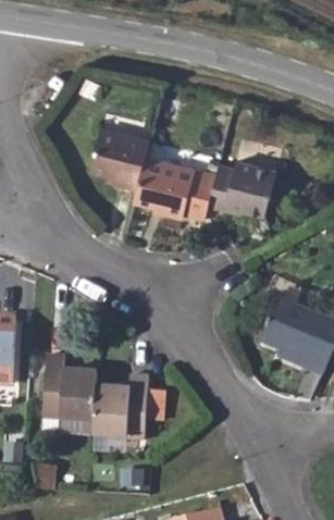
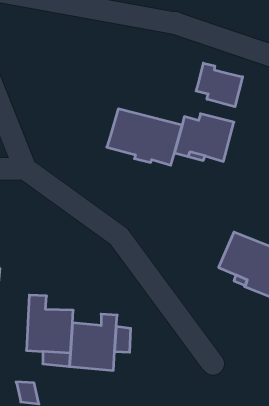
building: none -> [196,63,243,107]
building: [84,120,153,183] -> none

